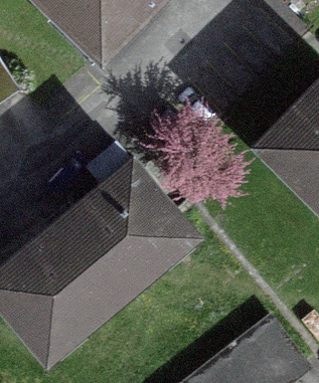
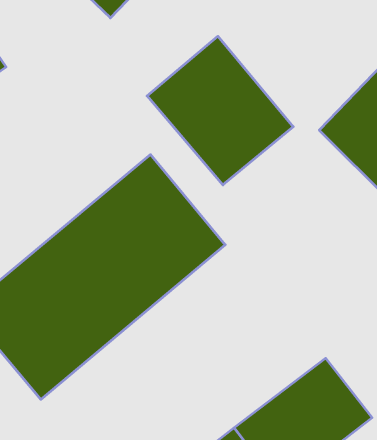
building: none -> [147,36,293,185]

